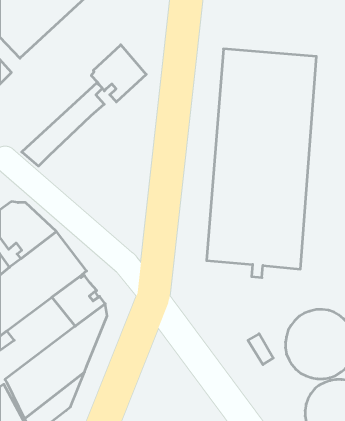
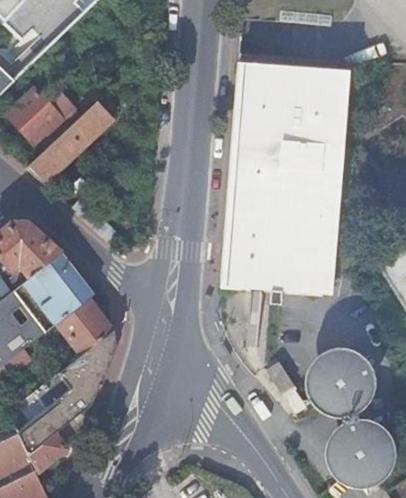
building: [91,45,146,102] -> none
building: none -> [9,90,64,145]

